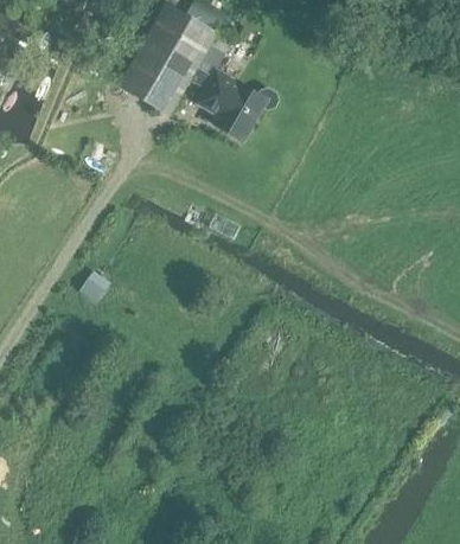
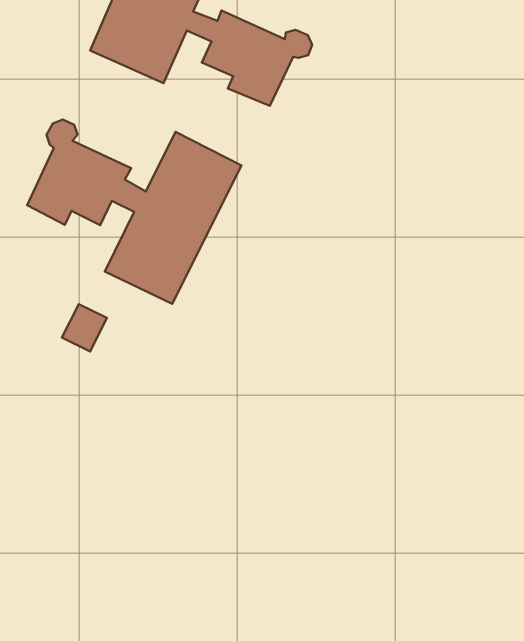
building: none -> [27,119,241,304]

